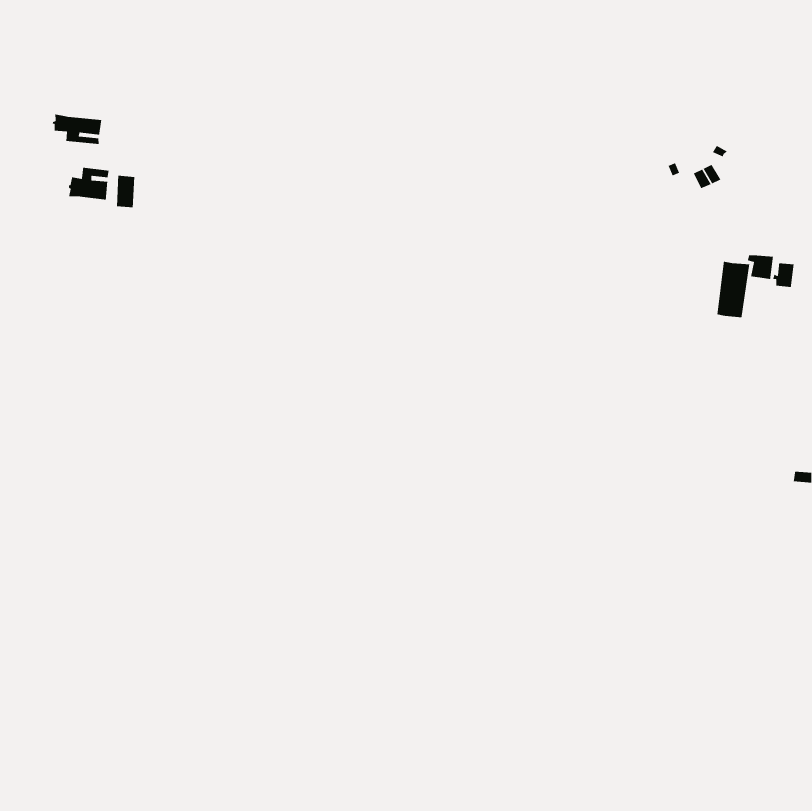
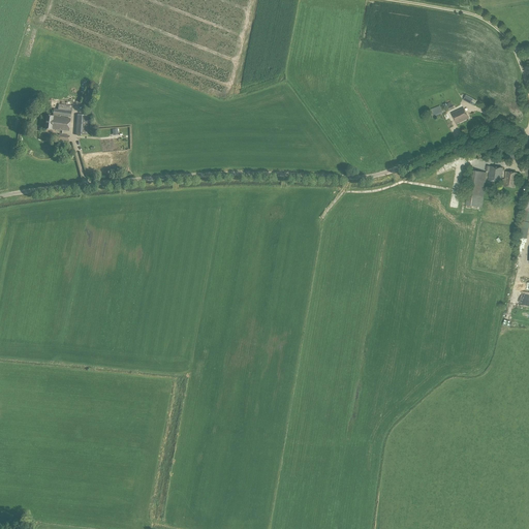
building: [52,114,102,145] -> none

